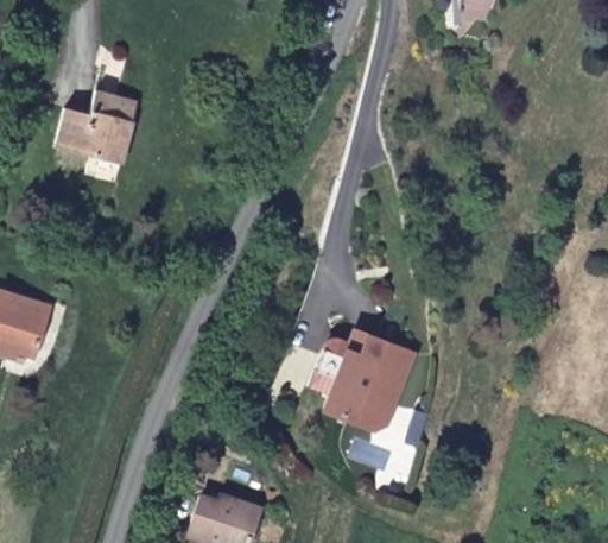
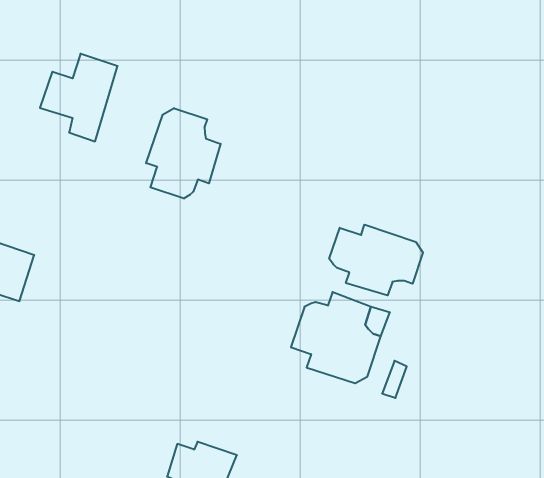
building: none -> [146,108,221,199]
building: none -> [329,225,423,295]

